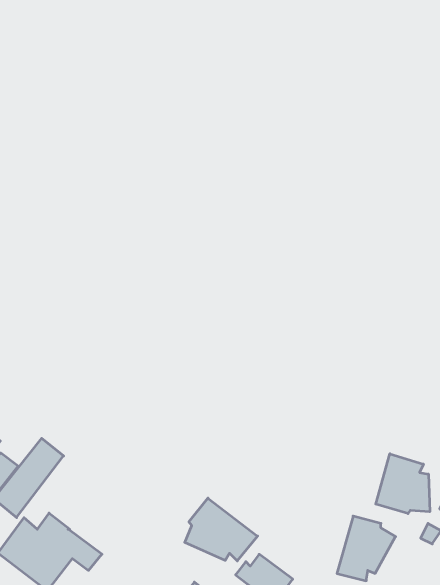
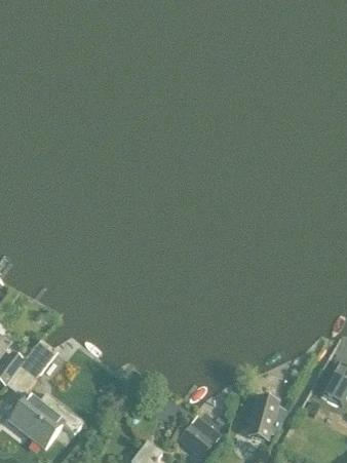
building: [376,454,430,514] -> none
building: [185,498,258,561] -> none

